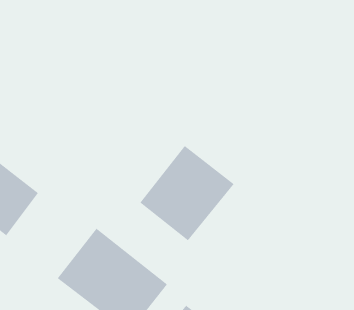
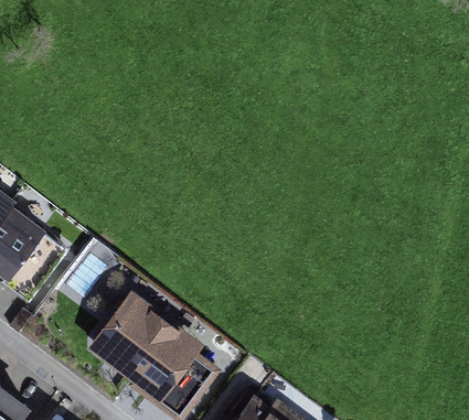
building: [139,145,234,241] -> none

